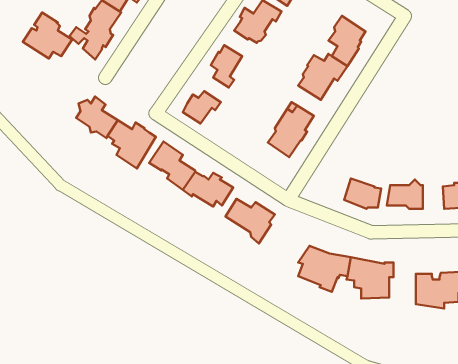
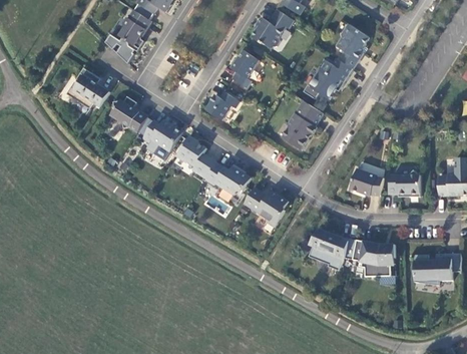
building: [23,13,72,59] -> [66,67,110,108]

